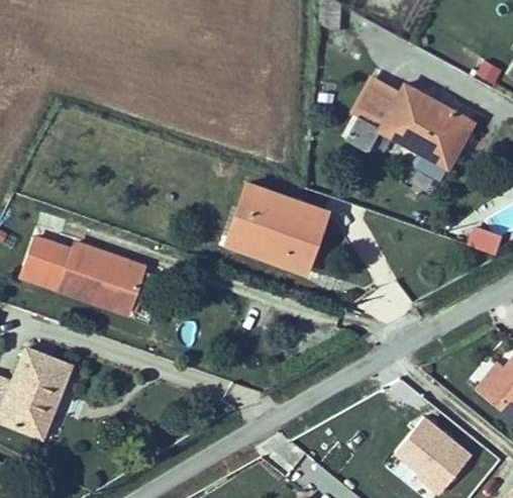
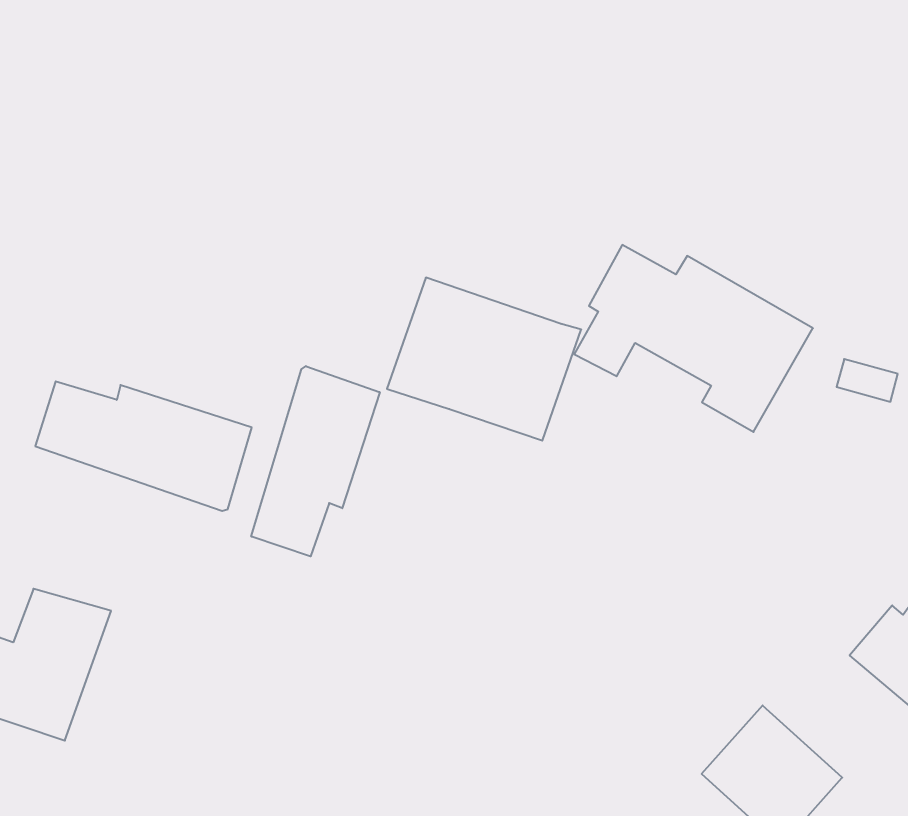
building: [344,78,475,180] -> [574,245,813,432]
building: none -> [251,366,380,556]

